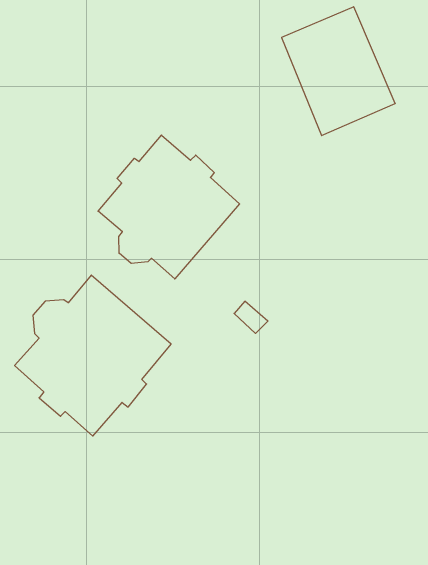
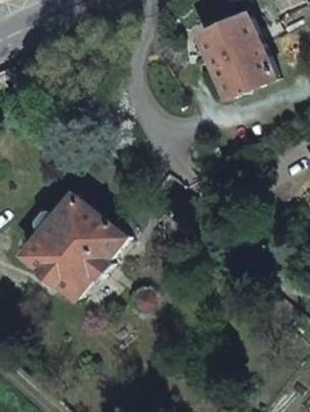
building: [98,135,240,279] -> none

